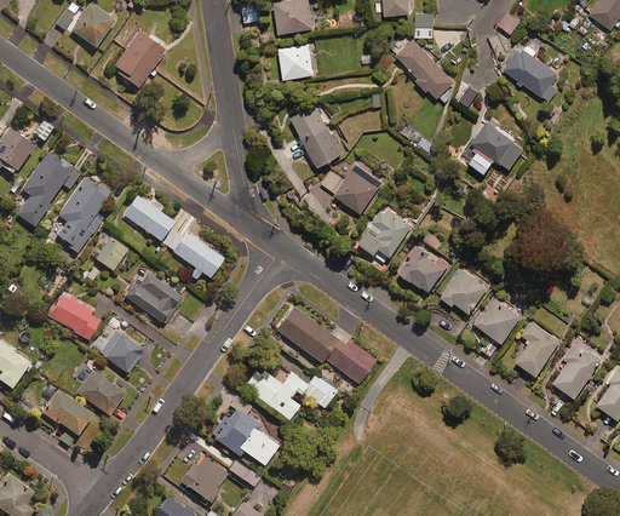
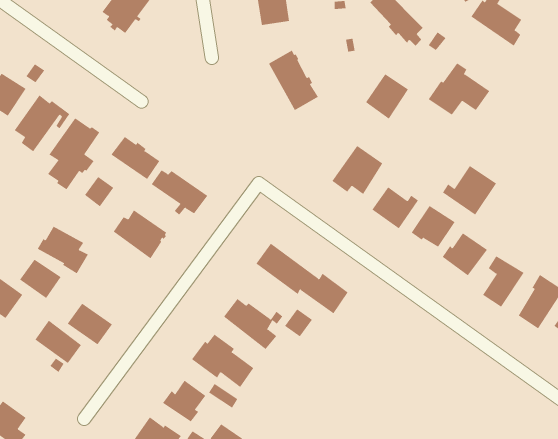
building: [334,165,380,213] -> [365,74,409,120]
building: none -> [442,165,497,216]
building: [99,331,144,373] -> [19,259,62,299]

